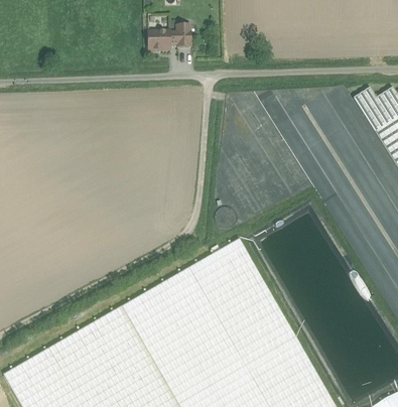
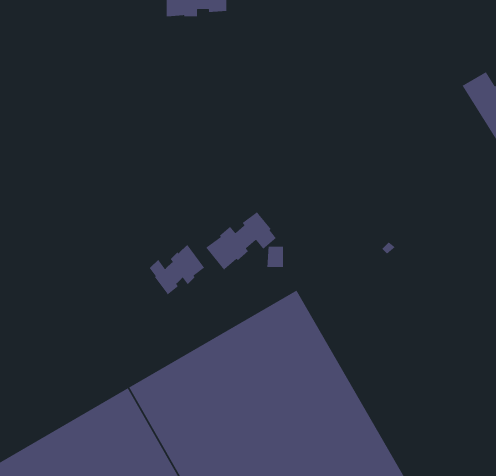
building: none -> [205,211,277,272]
building: none -> [149,243,205,295]

